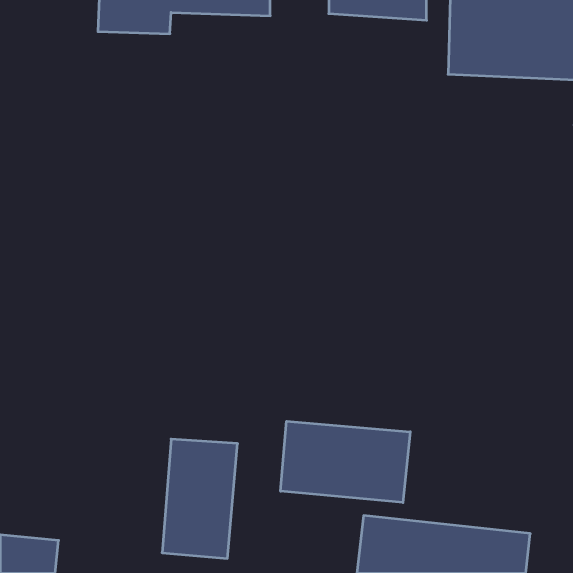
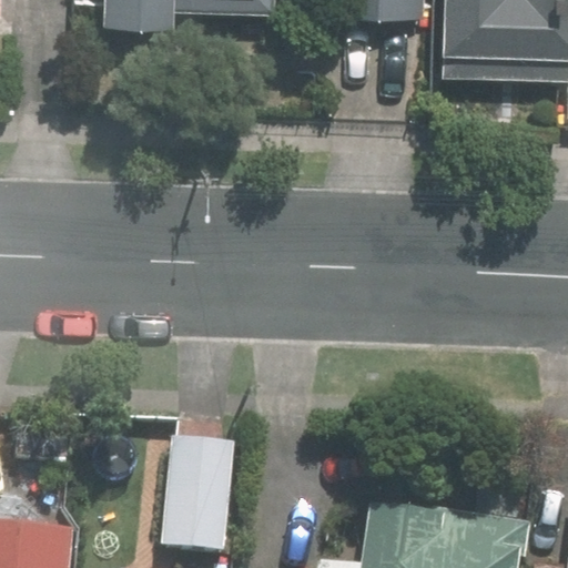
building: [281,421,410,503] -> none

